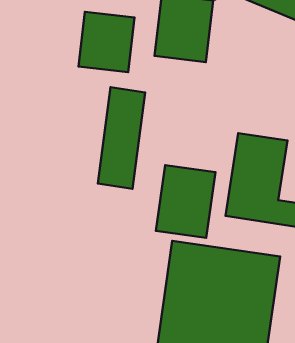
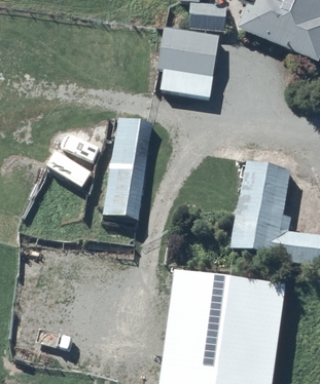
building: [79,12,134,72] -> none
building: [156,165,215,238] -> none

